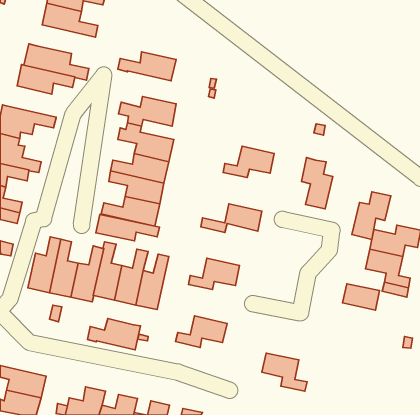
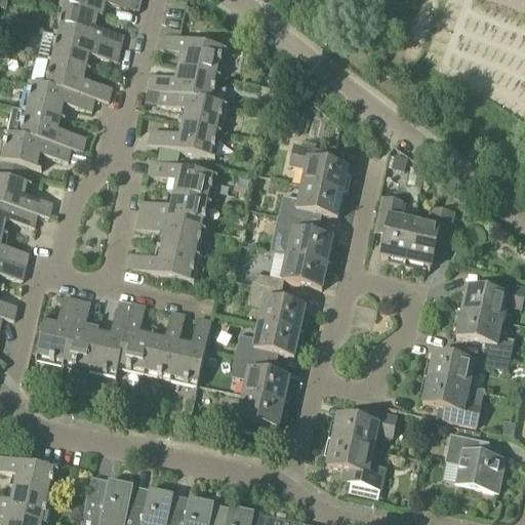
building: none -> [48,31,120,67]
building: none -> [157,32,227,74]
building: none -> [157,88,227,129]
building: none -> [7,105,86,149]
building: none -> [292,143,349,191]
building: none -> [277,214,333,262]
building: [352,192,391,240] -> [406,206,454,266]
building: [96,214,159,241] -> none
building: none -> [248,282,305,330]
building: none -> [233,354,289,402]
building: none -> [422,376,483,425]
building: [87,318,140,350] -> none
building: none -> [332,408,396,447]
building: none -> [445,432,503,490]

